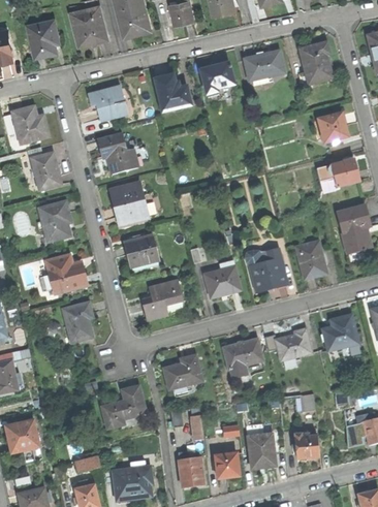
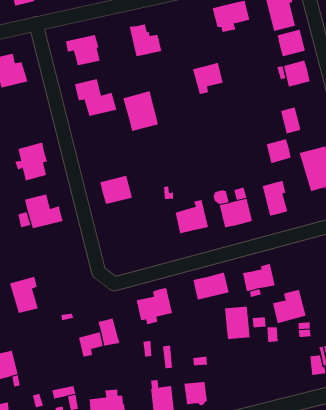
building: [200,62,233,96] -> [192,62,223,94]
building: none -> [277,29,305,57]
building: [31,152,61,189] -> none
building: [333,159,359,186] -> [266,138,291,164]
building: [111,182,149,225] -> [123,90,159,131]
building: [141,280,186,320] -> none
building: [62,302,93,341] -> [9,276,39,313]
building: [322,314,358,350] -> [272,290,306,324]
building: [248,434,276,469] -> [224,306,251,339]
building: [292,434,319,462] -> none

